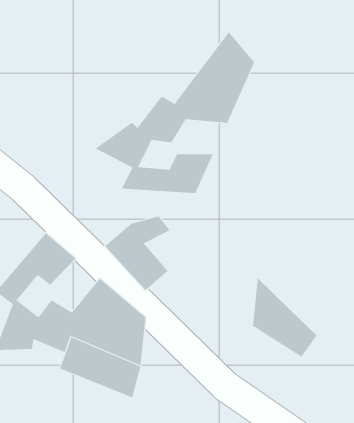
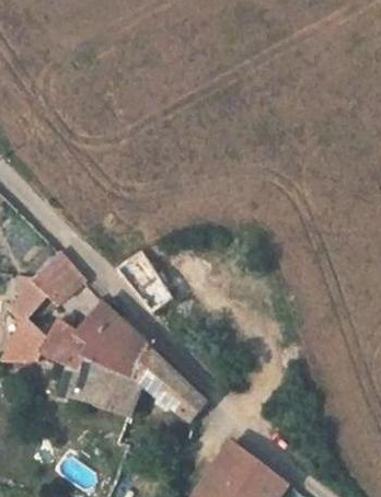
building: [95,32,255,194] -> none
building: [252,277,318,357] -> [142,339,204,418]

